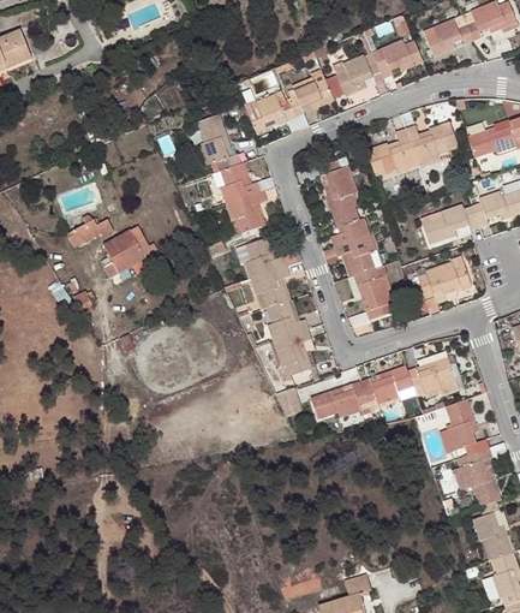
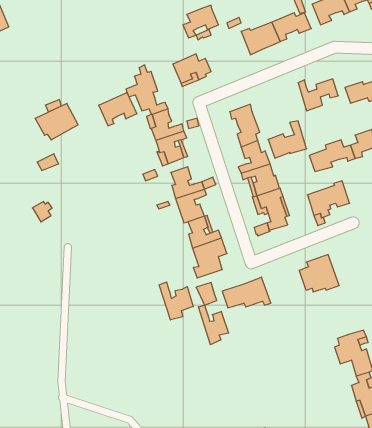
building: [287,73,333,115] -> [183,5,219,38]
building: [367,130,417,178] -> [268,121,307,158]
building: none -> [99,92,137,126]
building: [97,225,153,272] -> [35,103,78,140]
building: [359,364,416,411] -> none
building: none -> [159,282,193,320]
building: [438,399,490,454] -> none
building: none -> [198,305,228,345]

